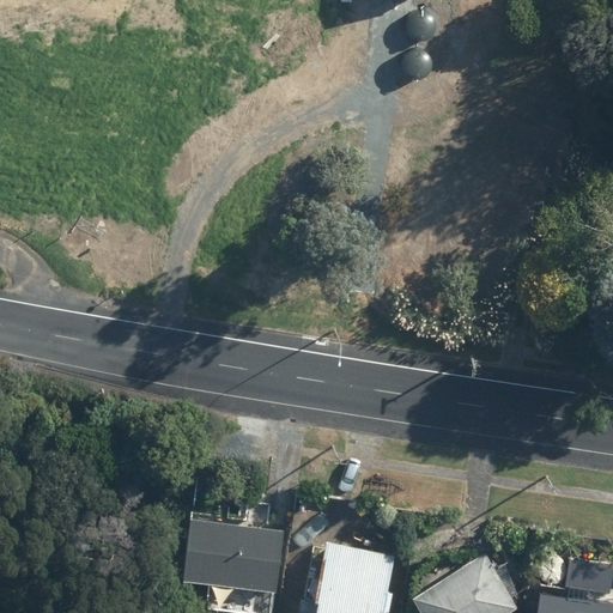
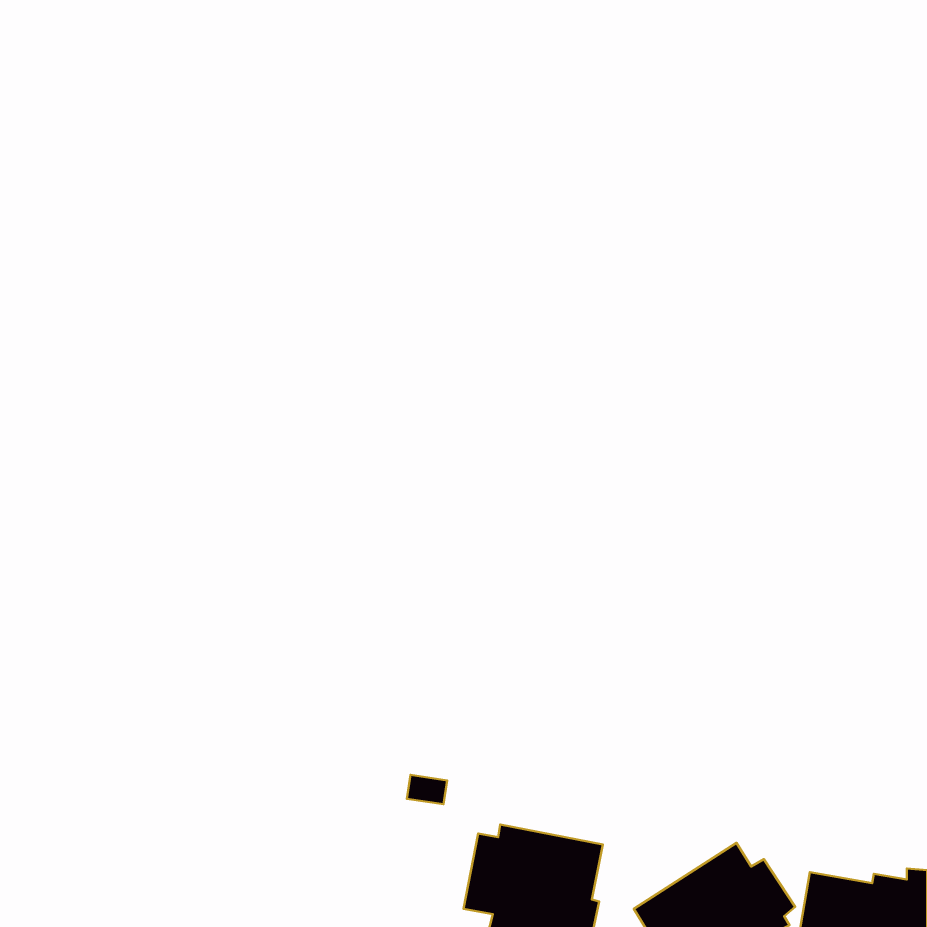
building: [184,510,286,593] -> none

